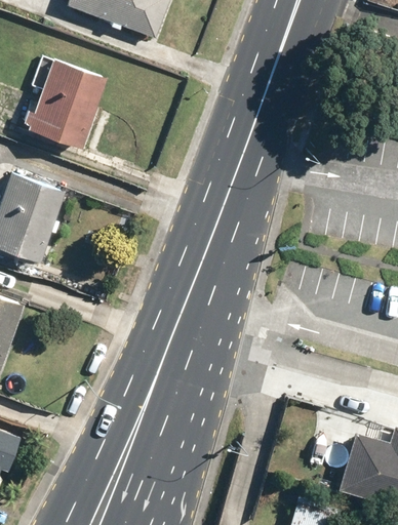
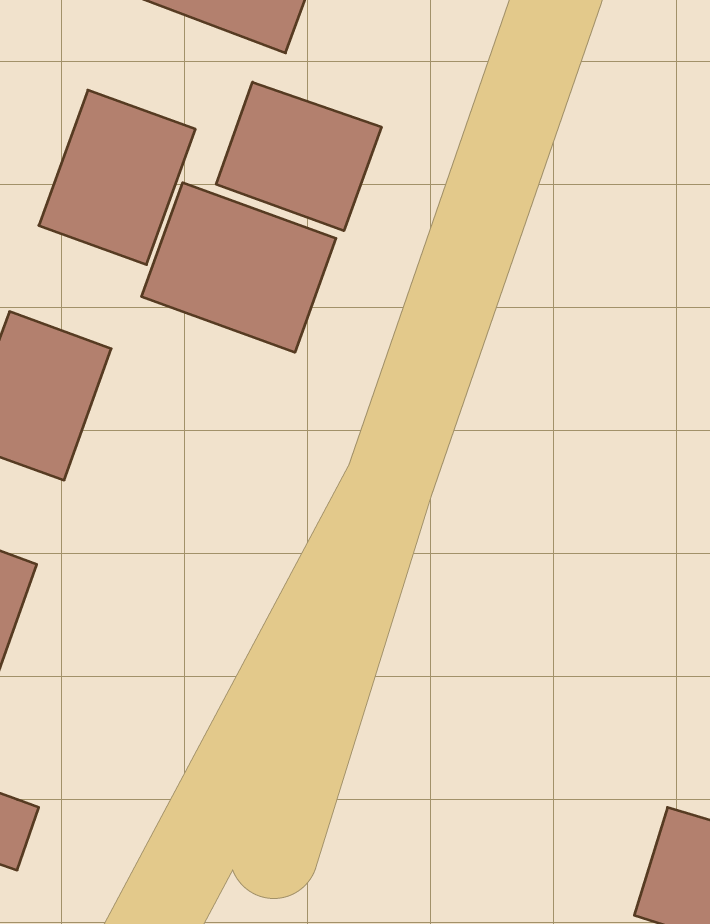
building: none -> [216,82,381,231]
building: none -> [142,183,336,352]

